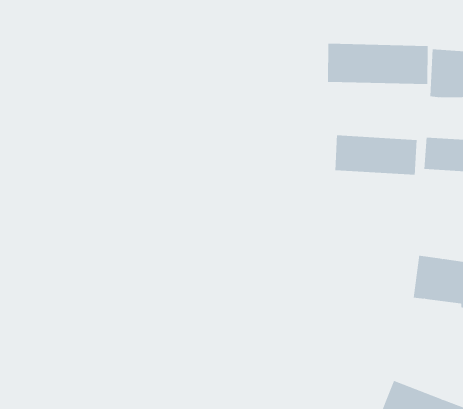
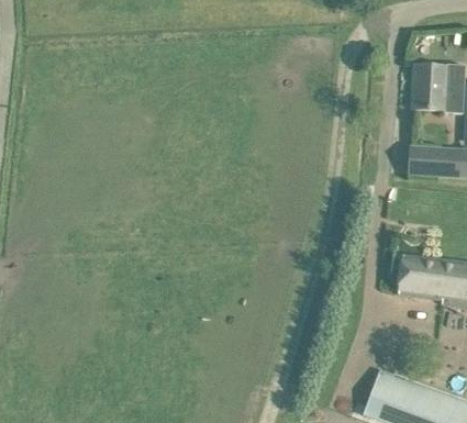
building: [327,43,428,85] -> none
building: [335,135,417,176] -> none

